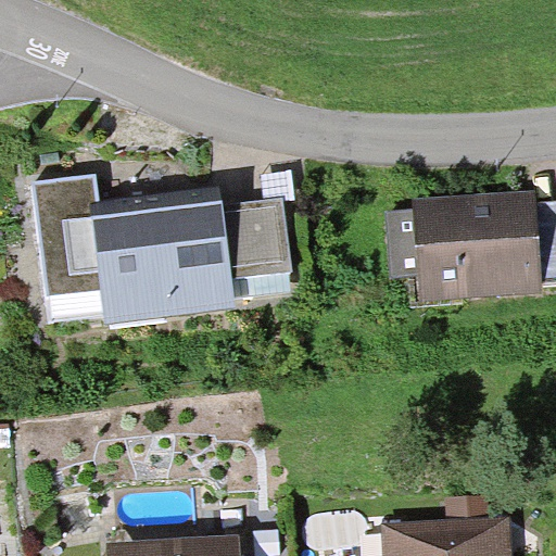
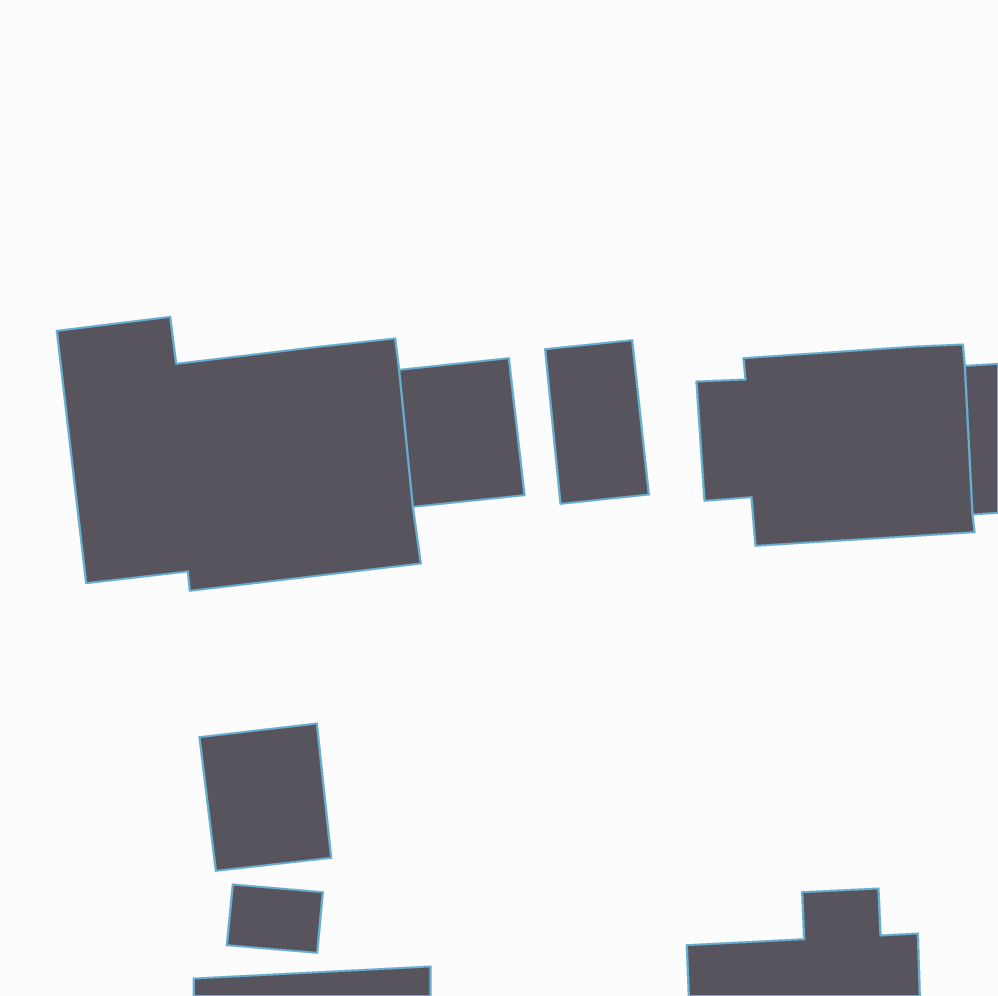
building: none -> [545,340,649,504]
building: none -> [199,724,331,871]

